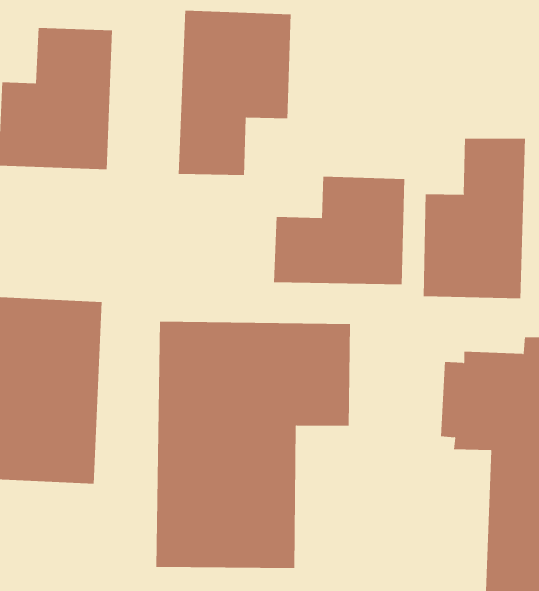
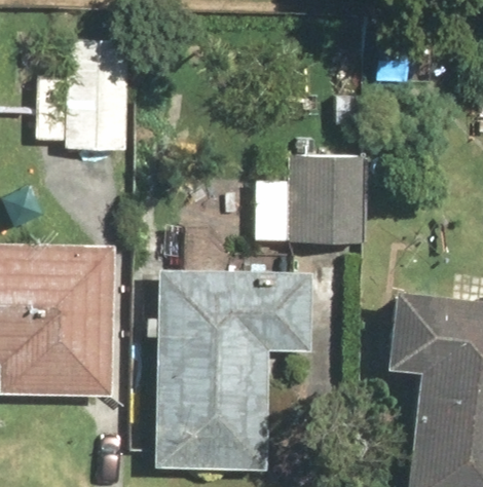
building: [178,10,291,176] -> none
building: [423,138,525,299] -> none

